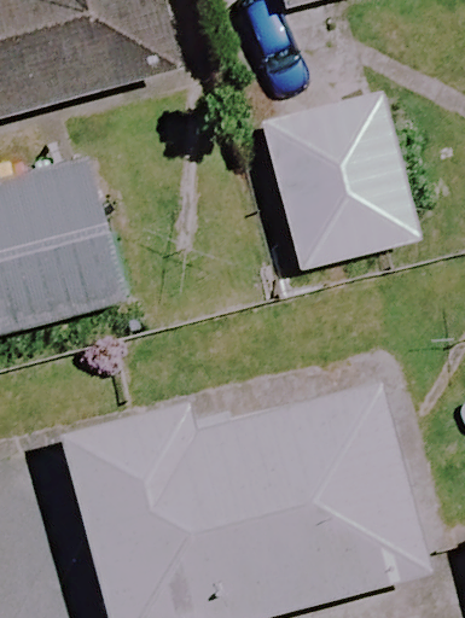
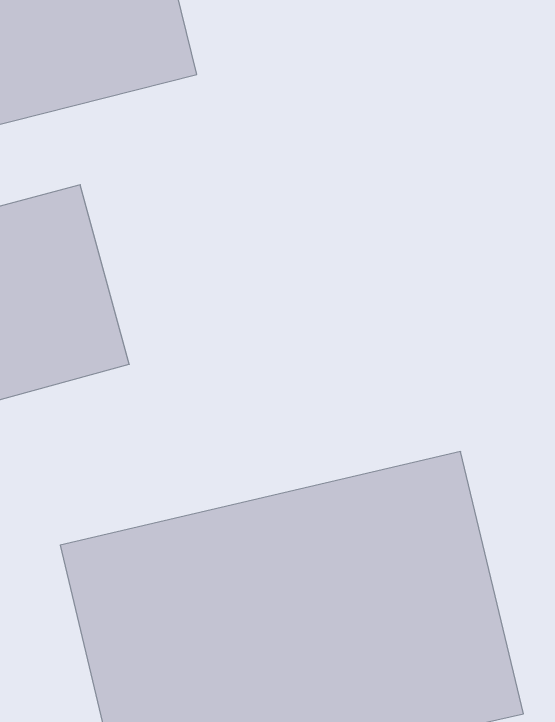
building: [261,95,423,272] -> none

